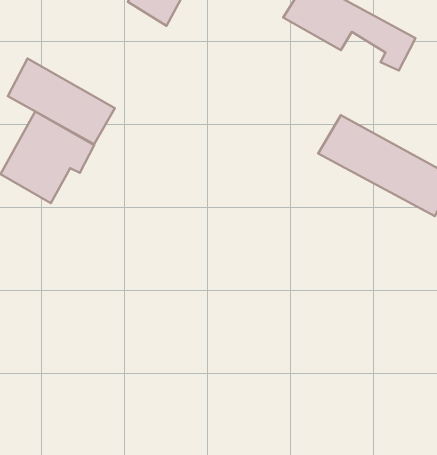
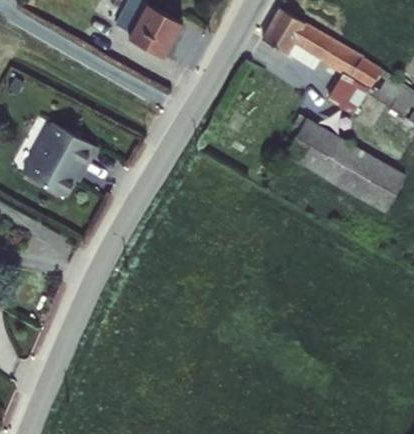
building: none -> [326,58,378,115]
building: [8,59,115,144] -> none

